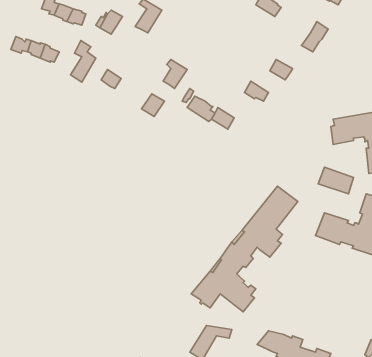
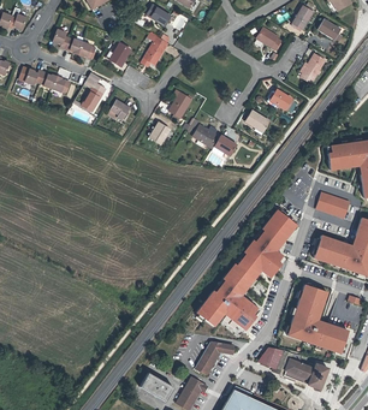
building: none -> [287,285,349,353]

